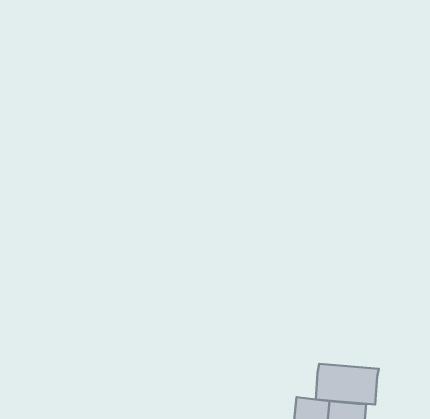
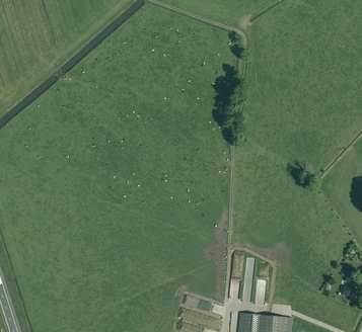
building: [316,364,379,405] -> none

